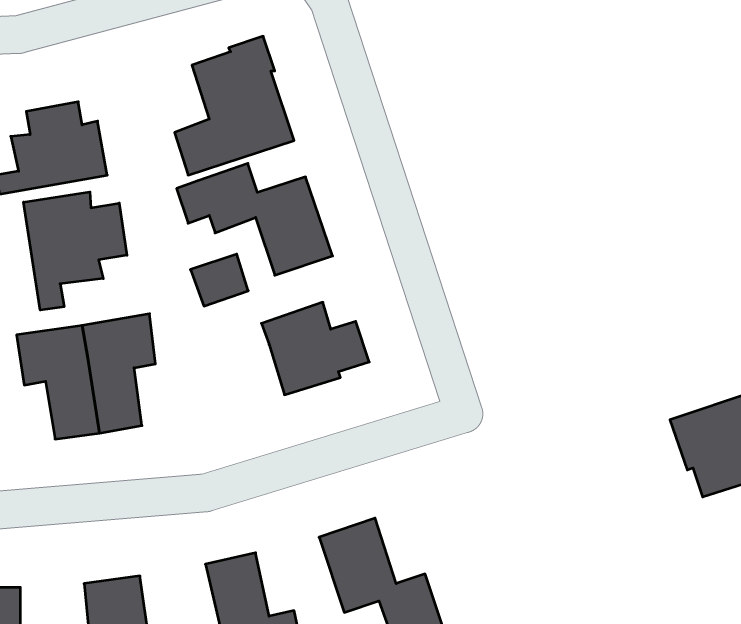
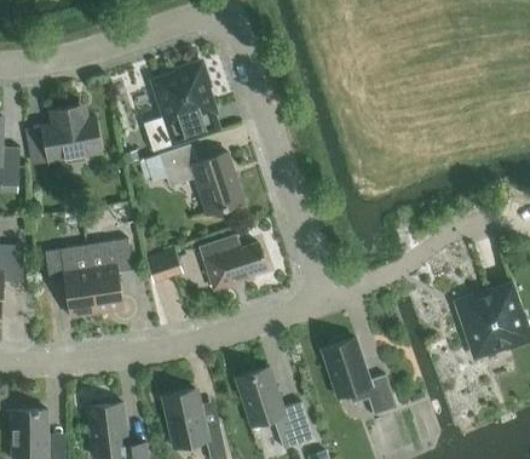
building: [24,192,127,310] -> none
building: [190,254,248,306] -> [145,248,182,281]
building: none -> [321,338,396,414]

